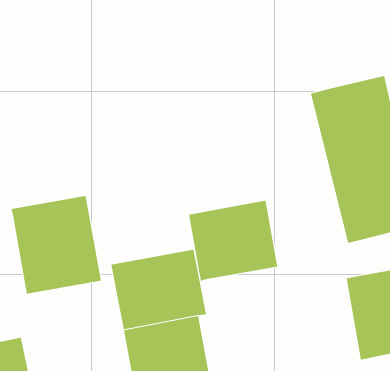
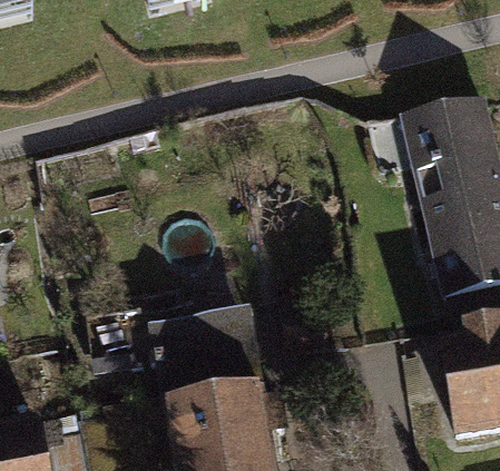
building: [11,195,102,295] -> none
building: [189,200,278,281] -> none

